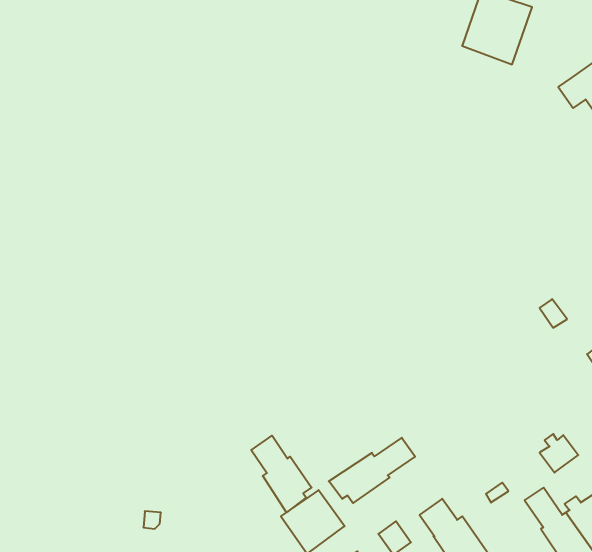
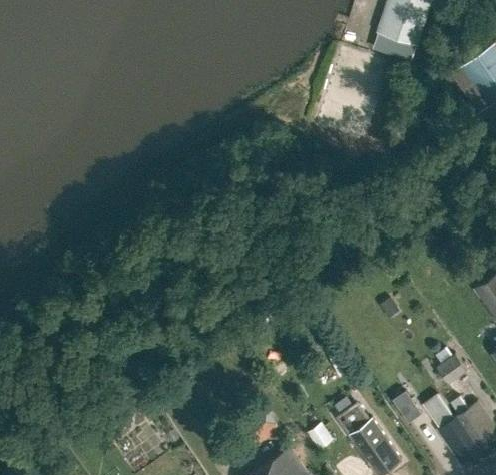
building: [251,436,312,512] -> none
building: [329,438,415,503] -> none

